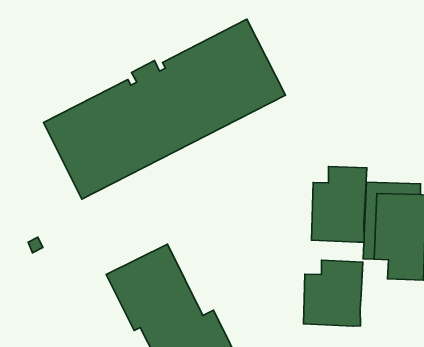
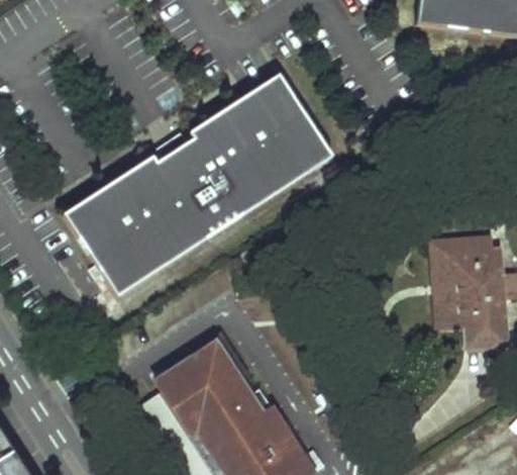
building: [312,166,367,242] -> none
building: [303,260,363,326] -> none

